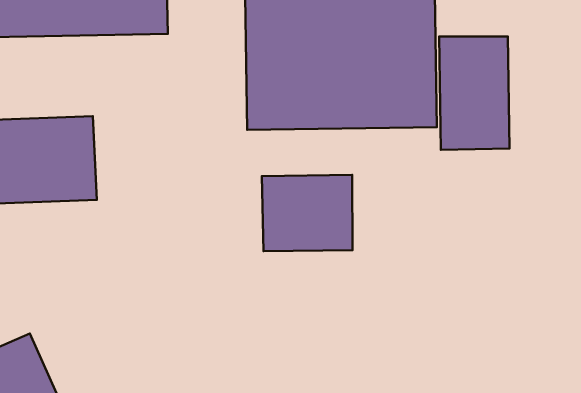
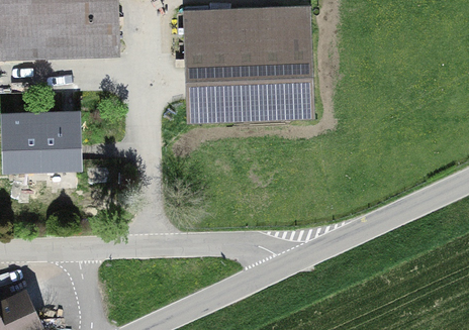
building: [439,37,510,150] -> none
building: [262,175,353,251] -> none

